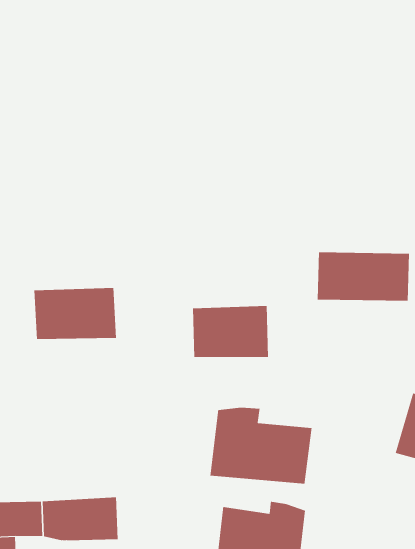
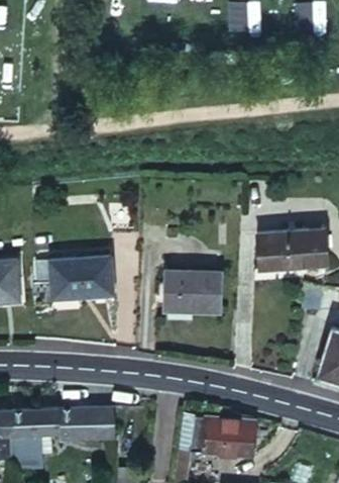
building: [210,407,312,485] -> none

